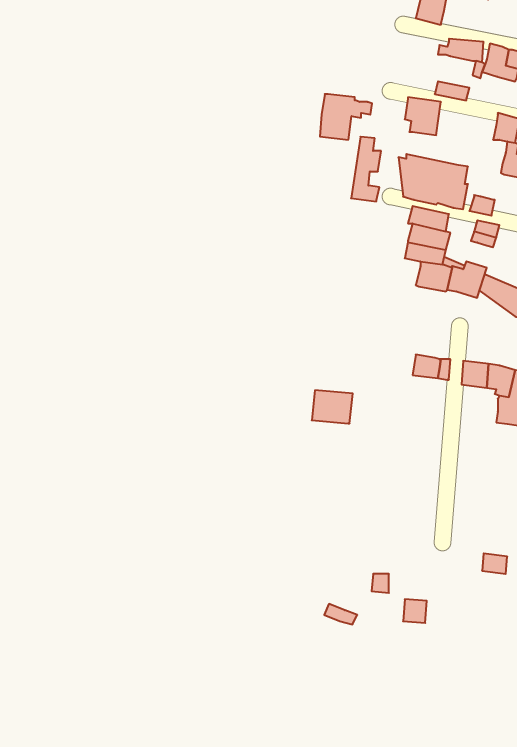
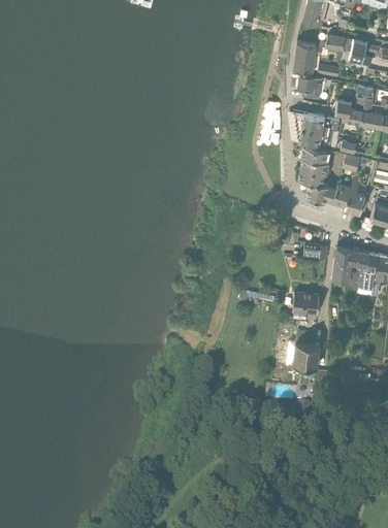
building: [320,94,372,140] -> [294,42,328,72]
building: none -> [335,100,364,125]
building: none -> [332,263,359,298]
building: [312,390,353,423] -> [293,293,320,315]
building: none -> [288,331,320,368]

